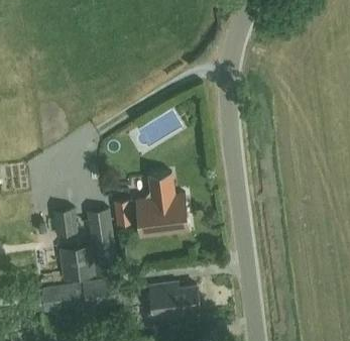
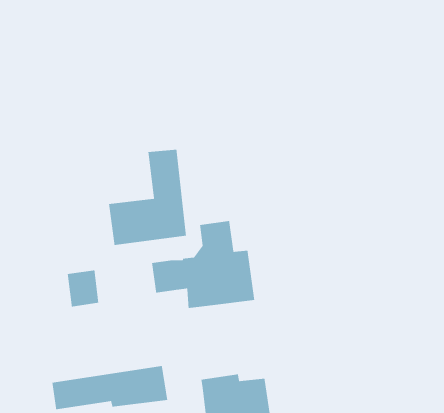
building: [59,210,115,279] -> [108,149,187,246]

